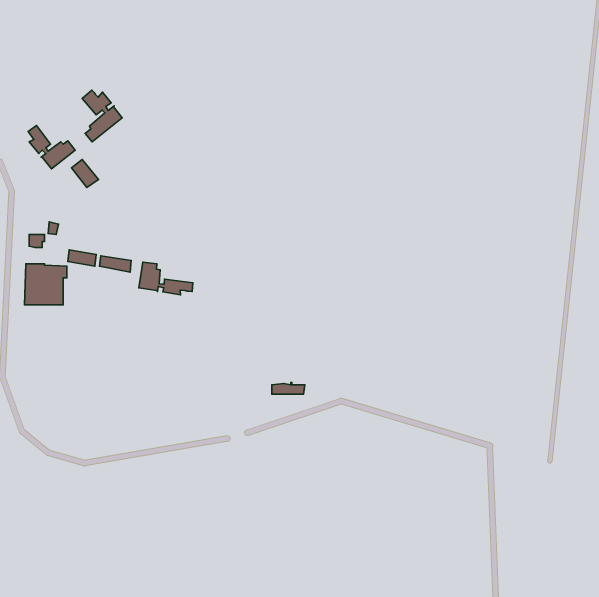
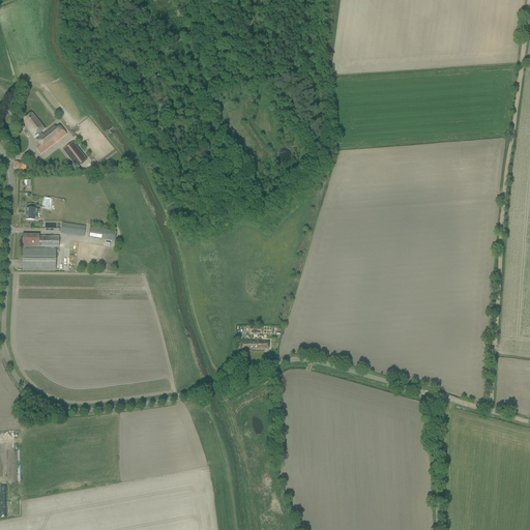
building: [82,90,122,142] -> none
building: [139,262,193,295] -> none

